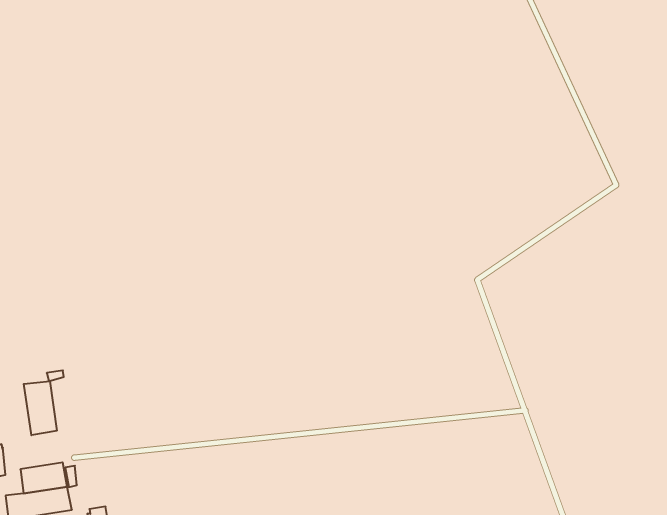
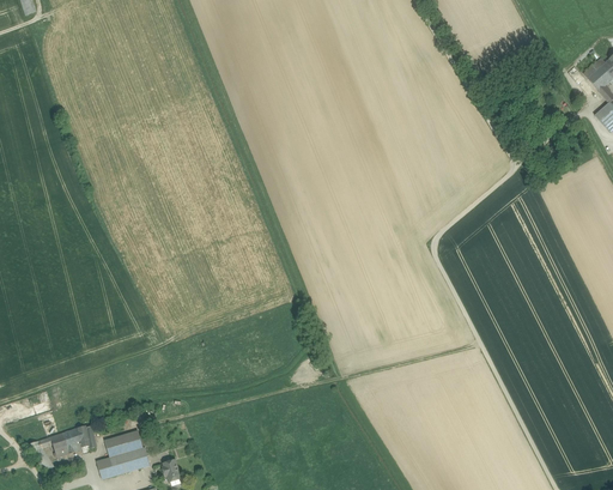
building: [24,381,57,435] -> none

